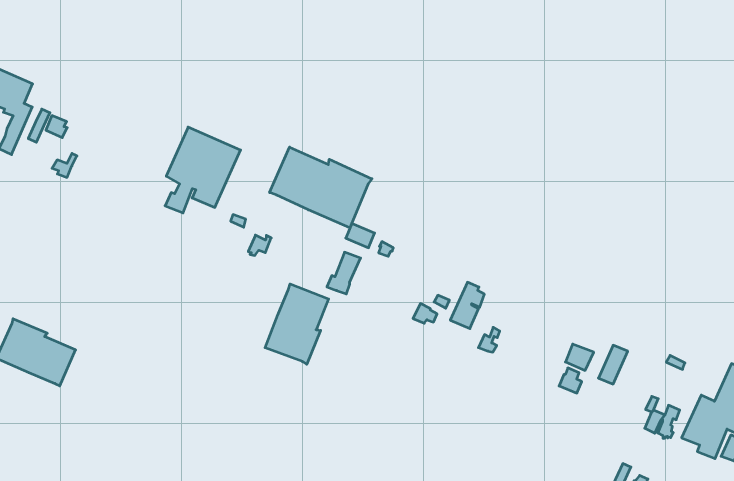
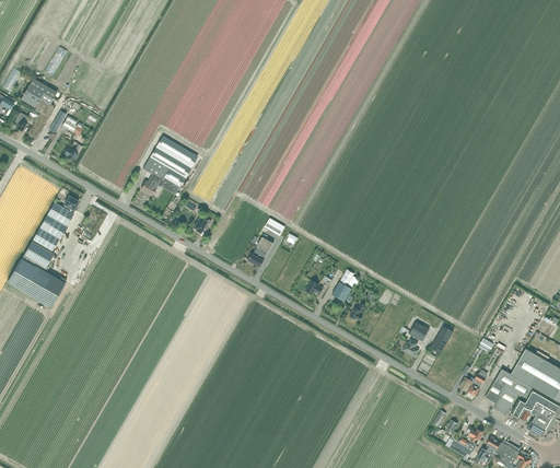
building: [270,147,372,228] -> none
building: none -> [23,196,79,269]
building: [265,284,329,364] -> none

